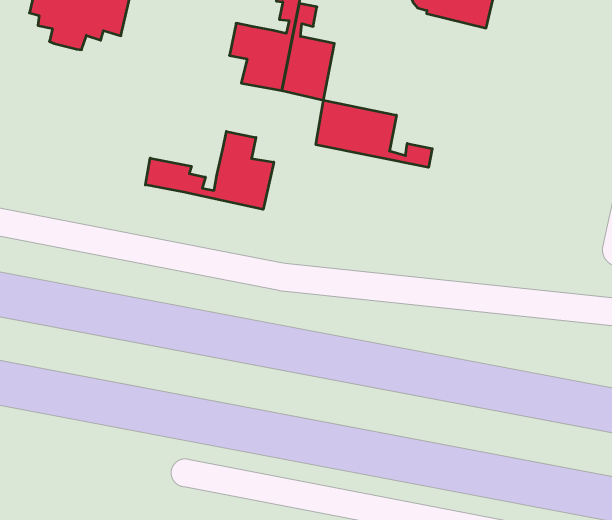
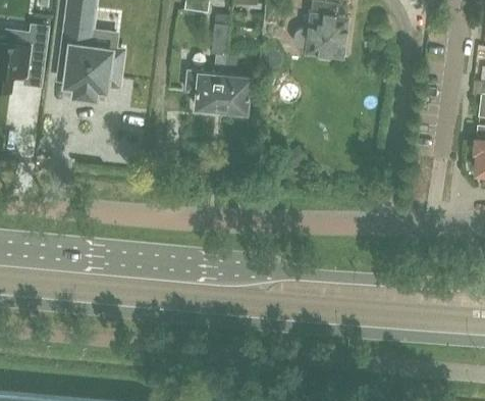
building: [316,100,432,167] -> none
building: [145,131,274,209] -> none

